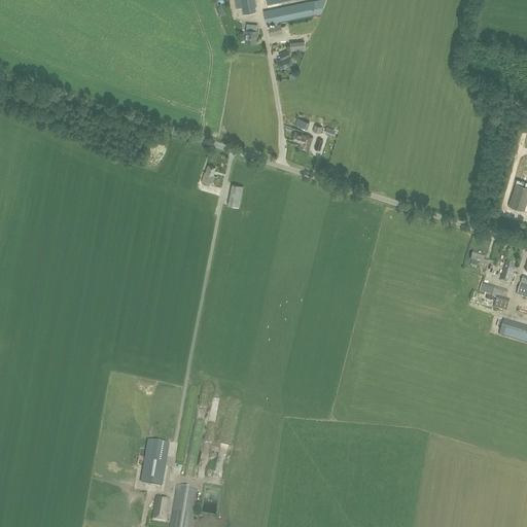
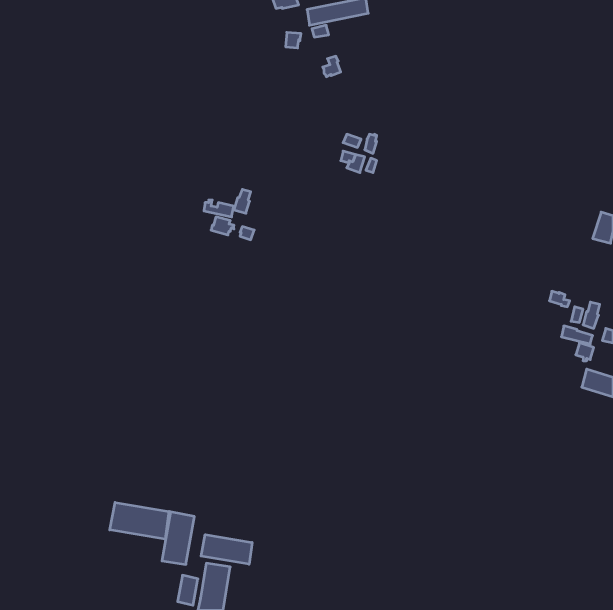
building: none -> [110,502,169,539]
building: none -> [201,535,252,564]

